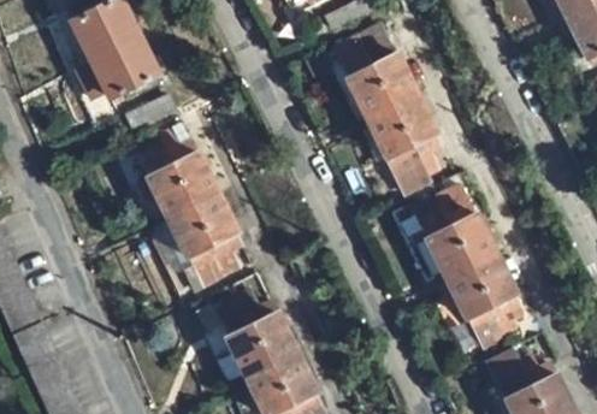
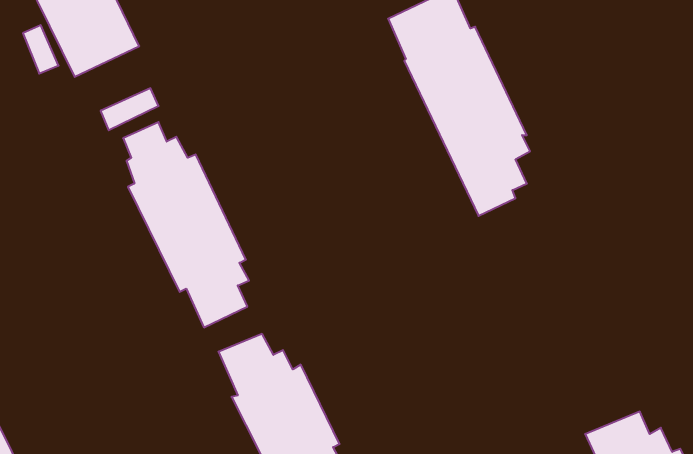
building: [416,190,531,356] -> none

